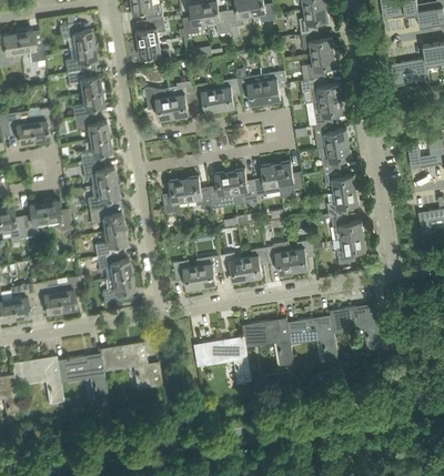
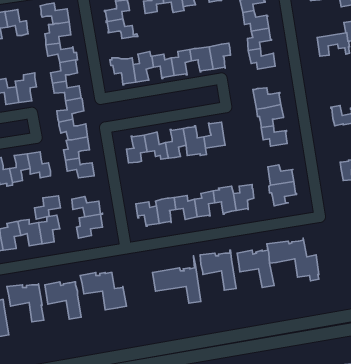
building: [312,98,343,125] -> none
building: [275,161,303,196] -> none
building: [326,190,357,217] -> none
building: [94,229,125,256] -> [34,196,60,219]

